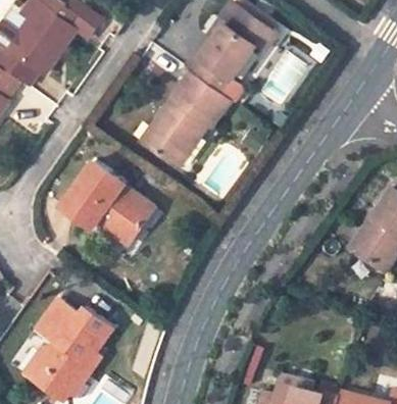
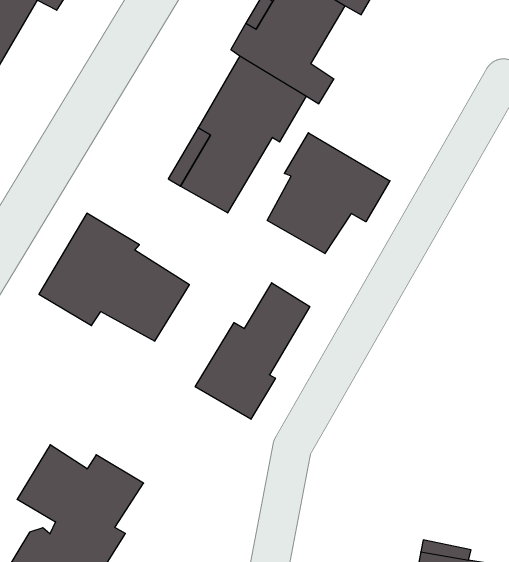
building: none -> [267,133,390,254]
building: none -> [195,283,310,419]

